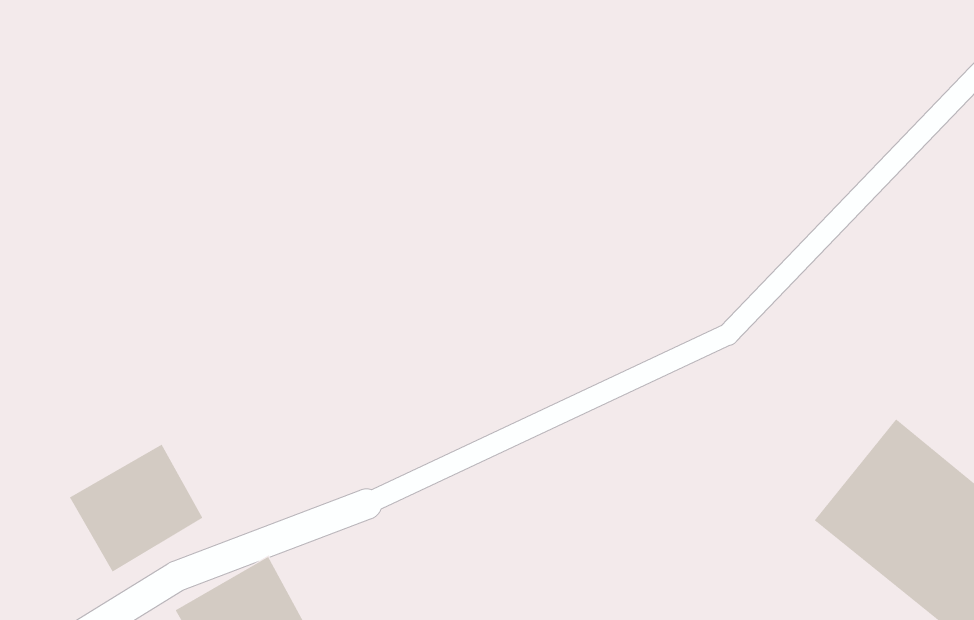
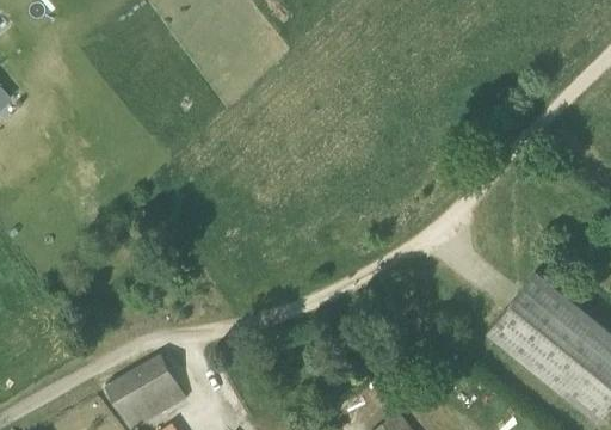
building: [69,444,203,572] -> none

